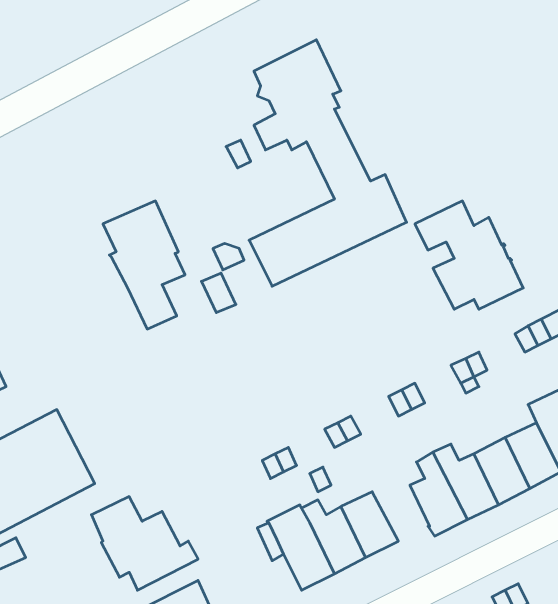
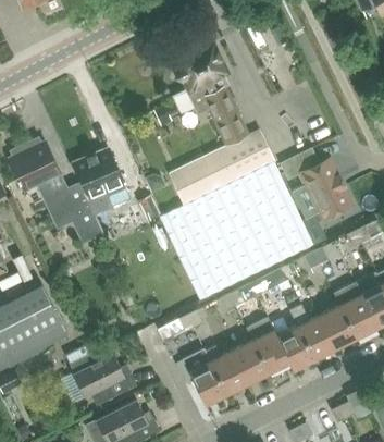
building: none -> [10,138,102,242]
building: none -> [160,165,312,300]
building: none -> [246,318,289,373]

